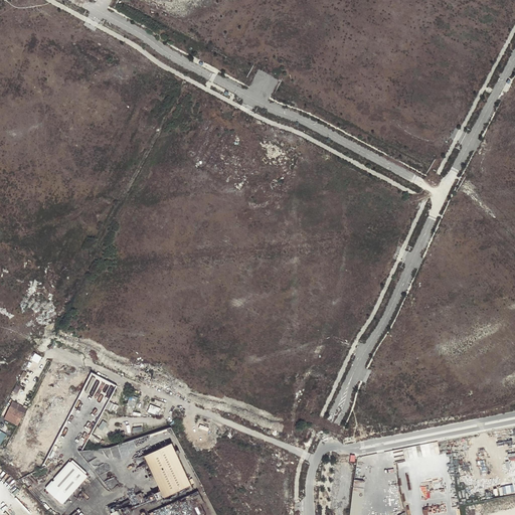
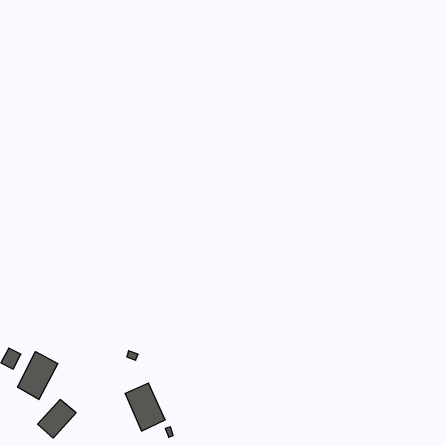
building: none -> [18,352,58,400]

